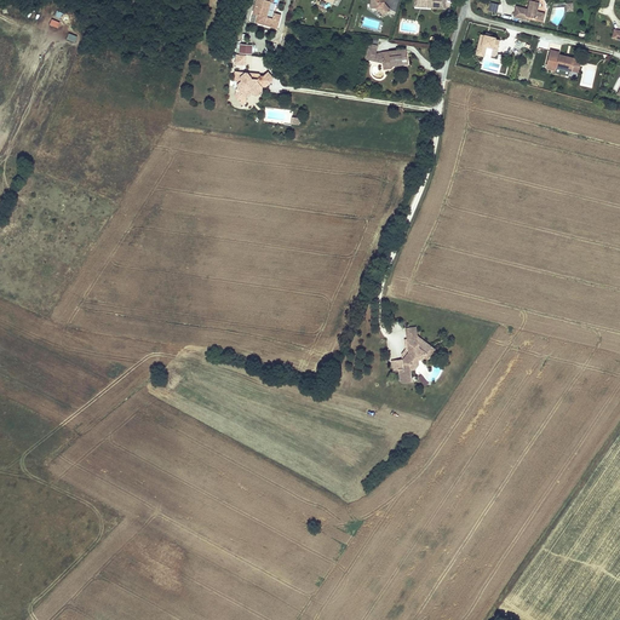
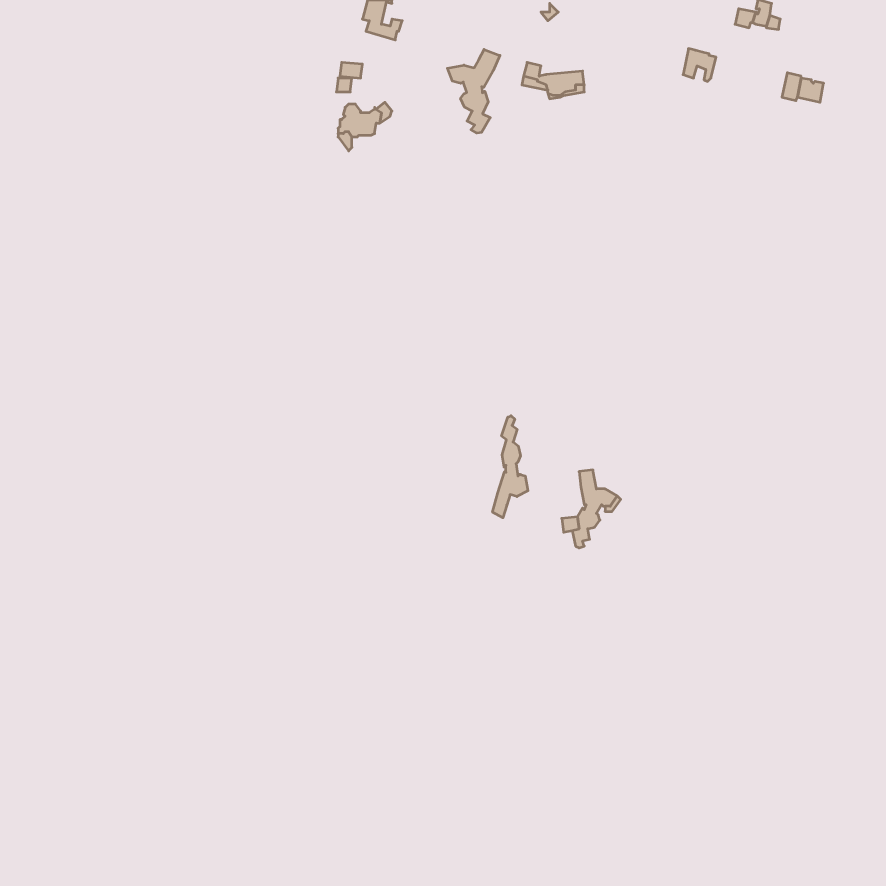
building: none -> [447,49,500,133]
building: none -> [493,416,528,518]

